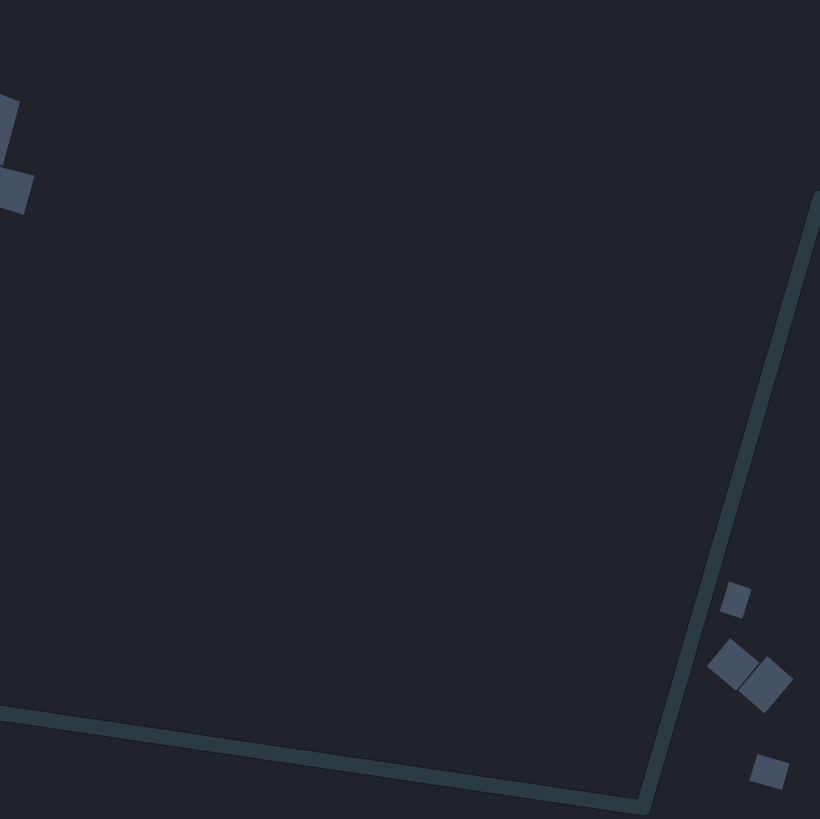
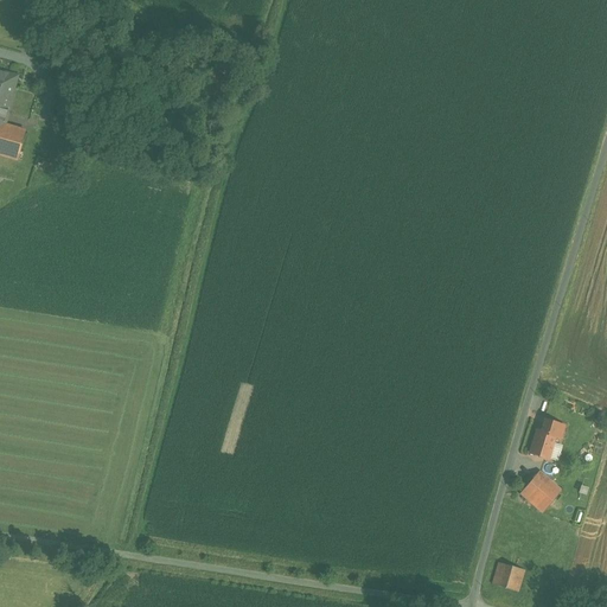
building: [737,655,795,714] -> none
building: [749,754,790,791] -> [492,563,523,590]

